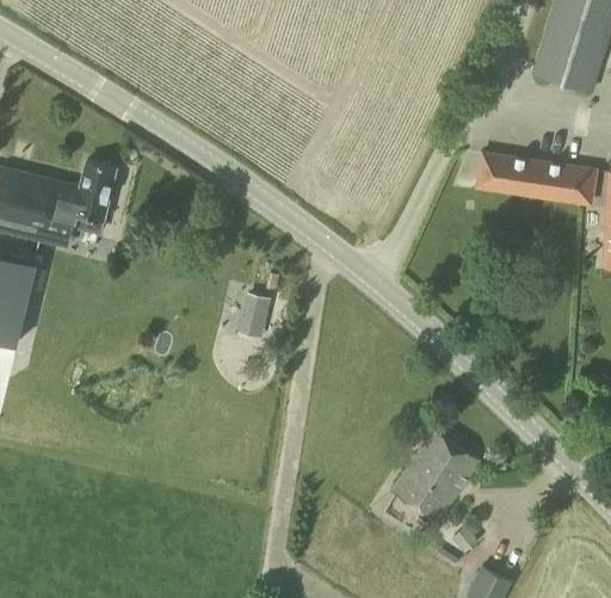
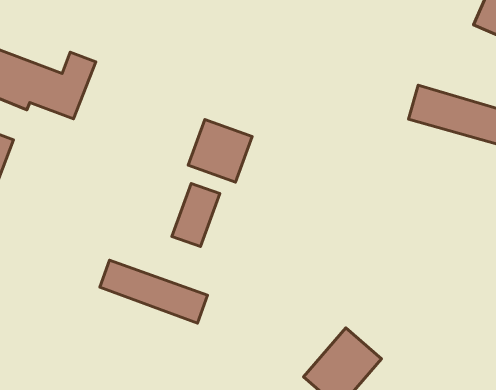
building: none -> [188,119,252,182]
building: none -> [100,260,208,323]

